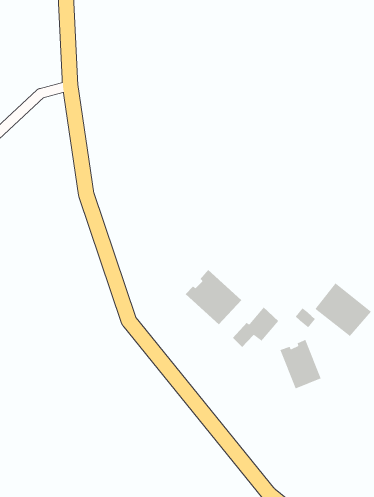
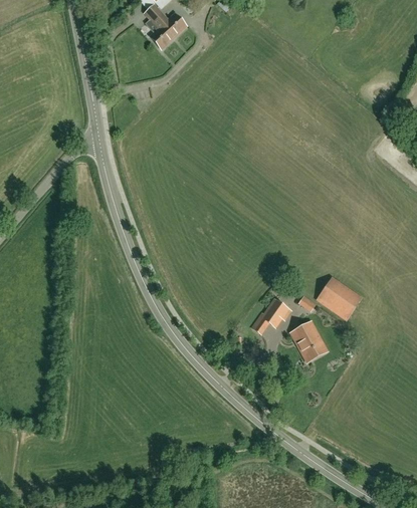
building: [185,269,242,325] -> none

